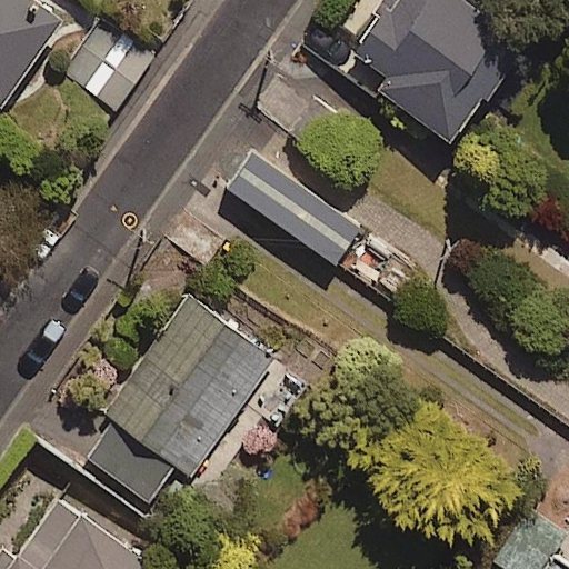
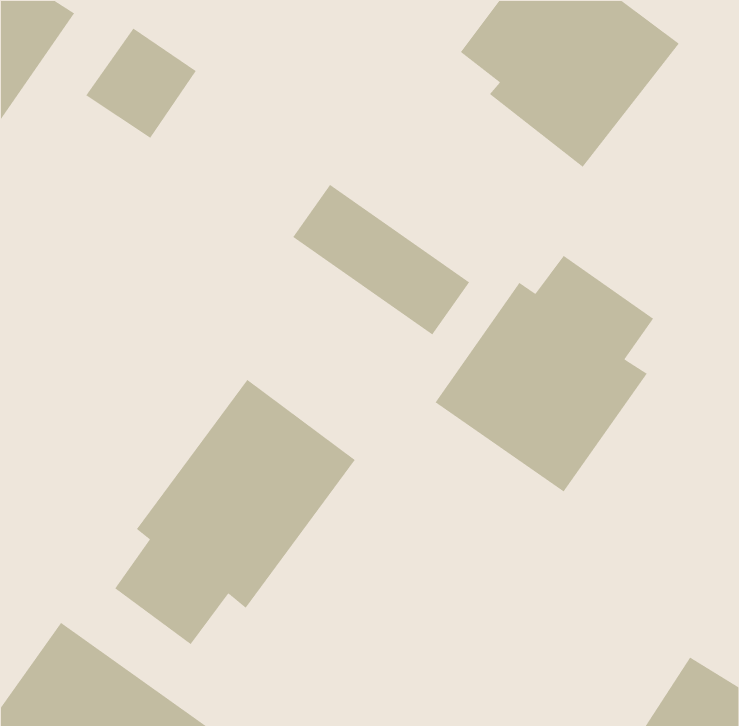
building: none -> [435,255,654,493]

